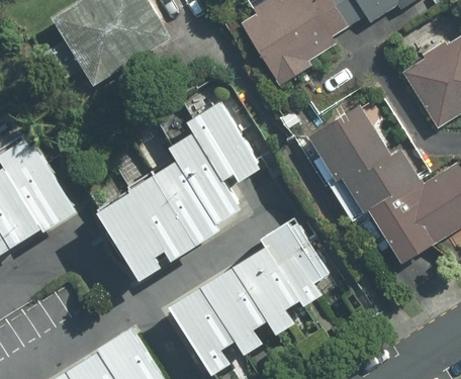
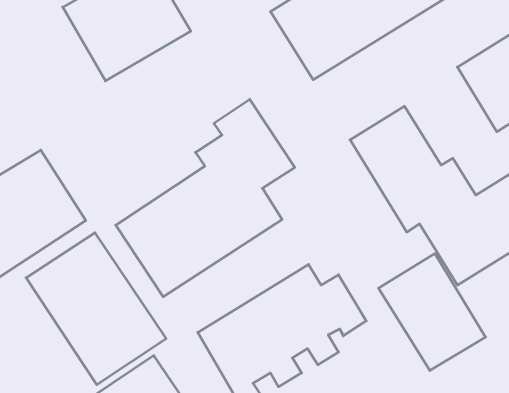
building: none -> [26,233,166,385]
building: none -> [379,254,486,371]

